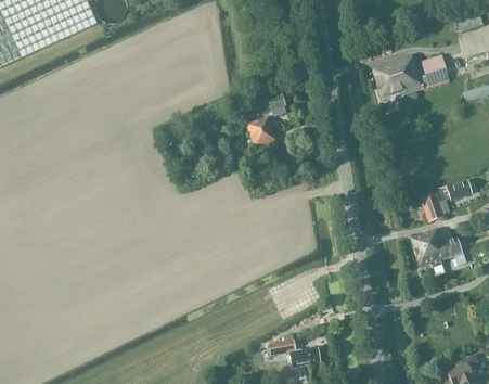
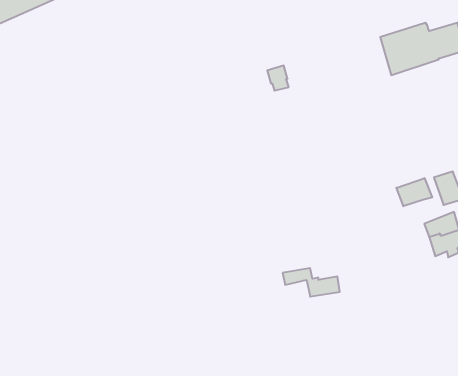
building: [245,116,275,149] -> none
building: none -> [396,178,432,206]
building: [268,341,320,367] -> [283,268,340,297]

